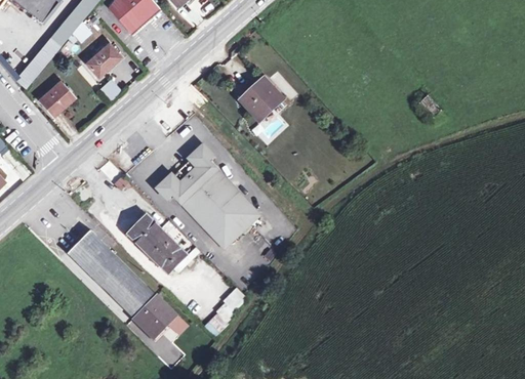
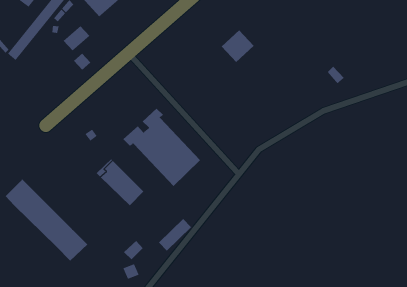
building: [242,79,285,121] -> [221,30,255,63]
building: [39,82,74,117] -> none
building: [71,231,176,337] -> [5,178,88,261]

